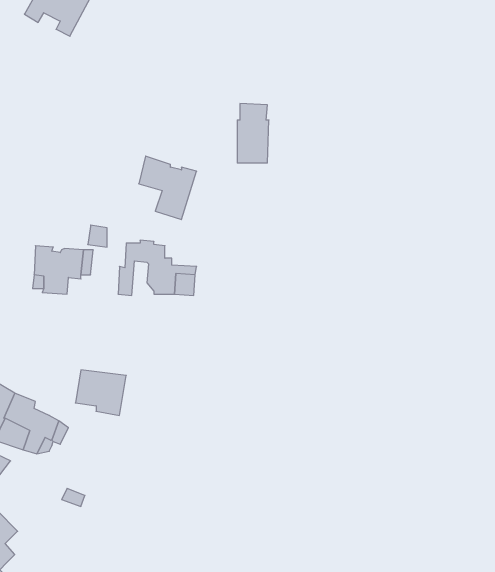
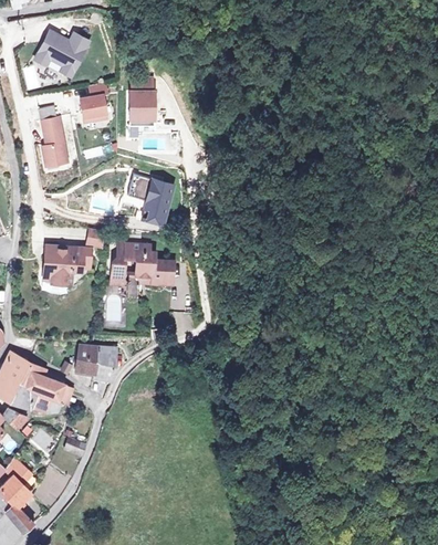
building: none -> [81,82,107,122]
building: none -> [39,105,67,166]
building: [237,104,269,163] -> [129,77,155,125]

